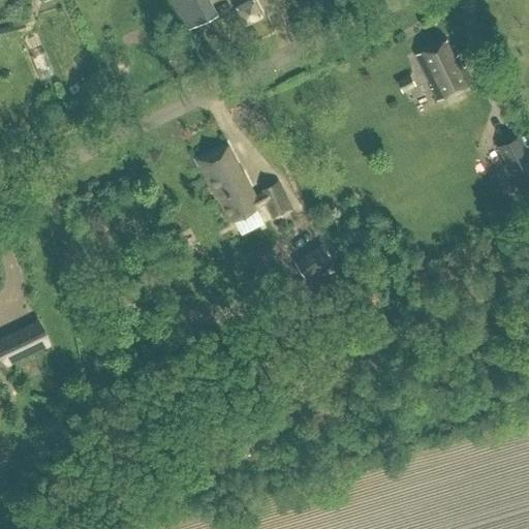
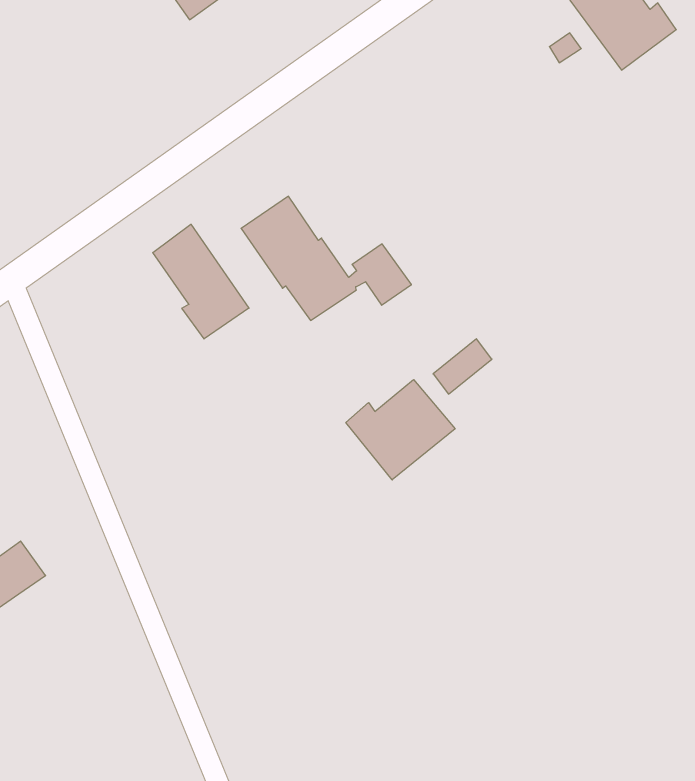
building: none -> [153,224,249,339]
building: none -> [346,380,455,480]

